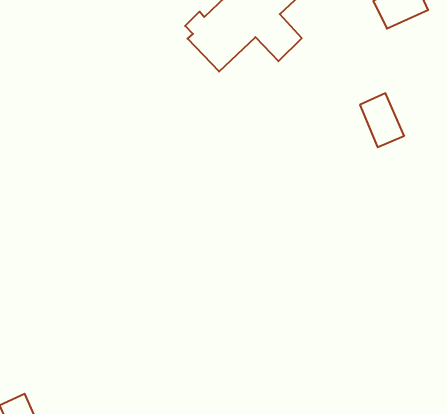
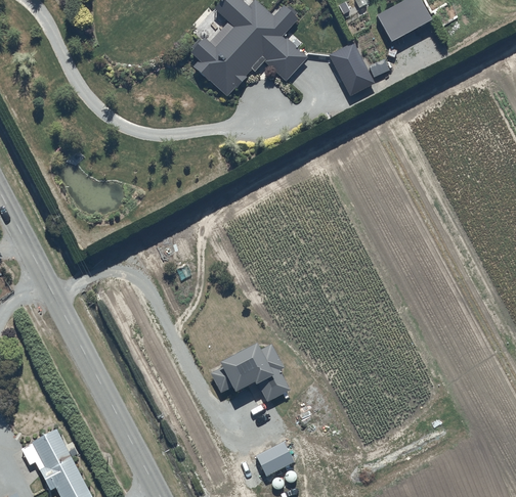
building: [360,93,404,147] -> [329,42,375,96]
building: none -> [210,344,291,402]

